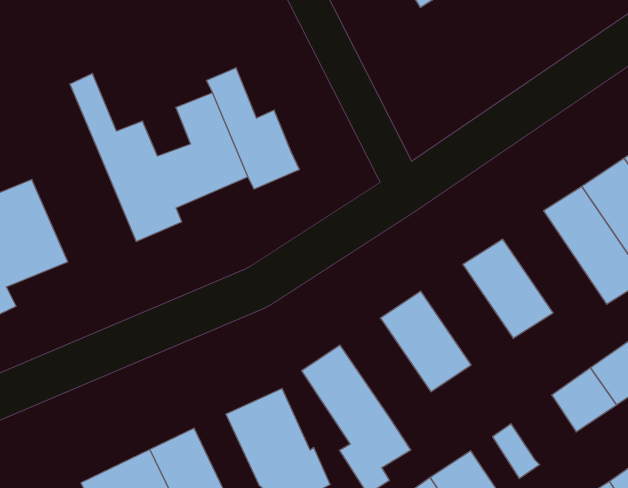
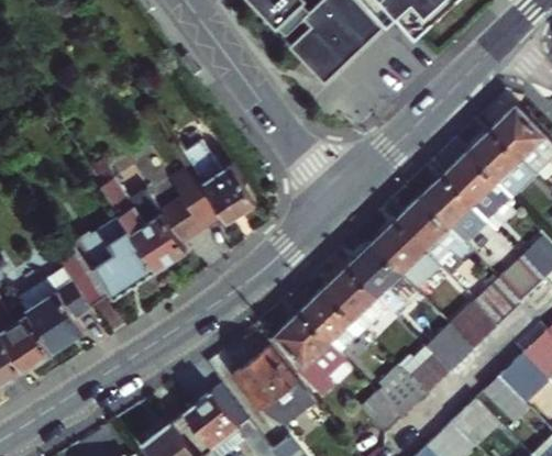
building: none -> [74,212,152,293]
building: none -> [400,198,478,278]
building: none -> [351,244,419,311]
building: none -> [302,290,369,356]
building: none -> [428,322,473,368]

